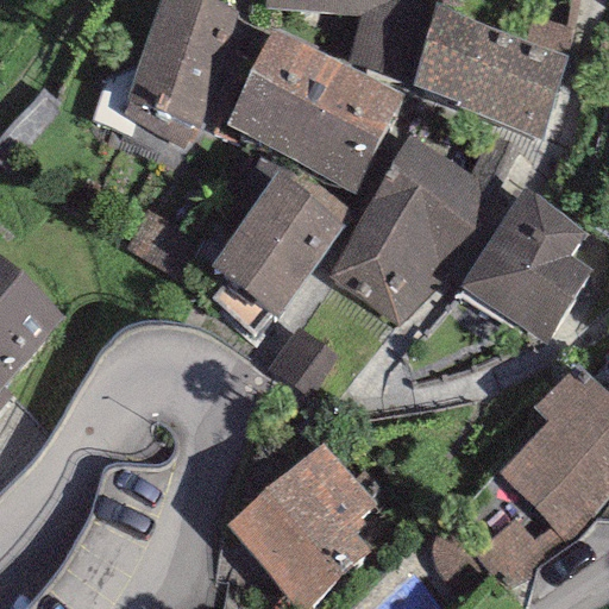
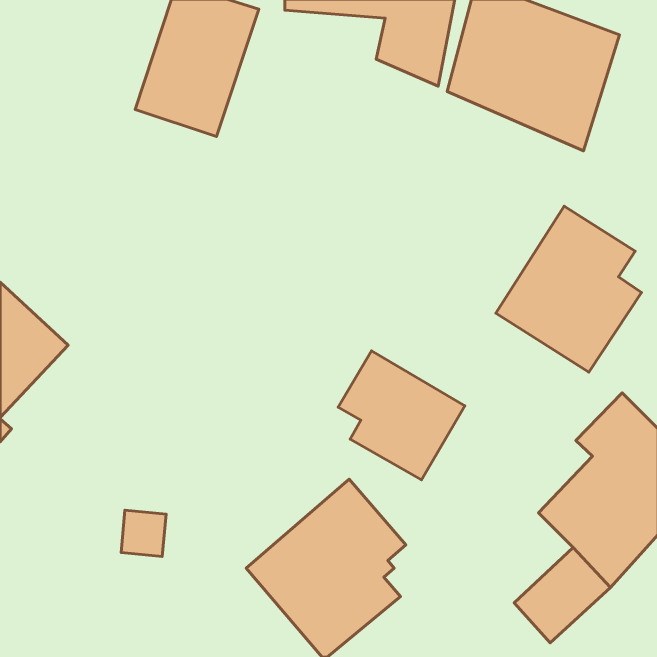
building: [224,29,402,190] -> none
building: [329,137,477,326] -> none
building: [209,163,350,315] -> none
building: none -> [338,351,465,480]

